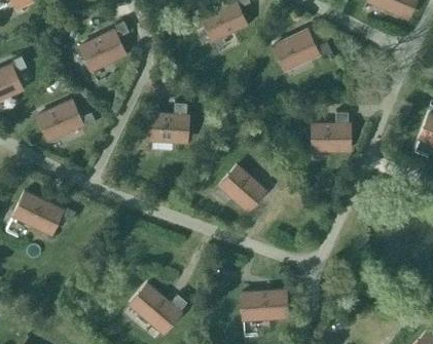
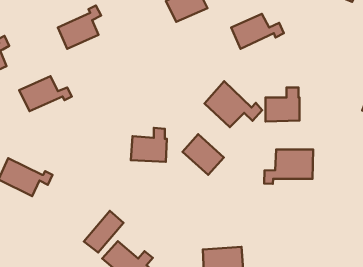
building: [148,104,188,142] -> [131,128,167,162]
building: none -> [204,81,262,127]
building: none -> [264,150,313,184]
building: none -> [84,211,123,252]

